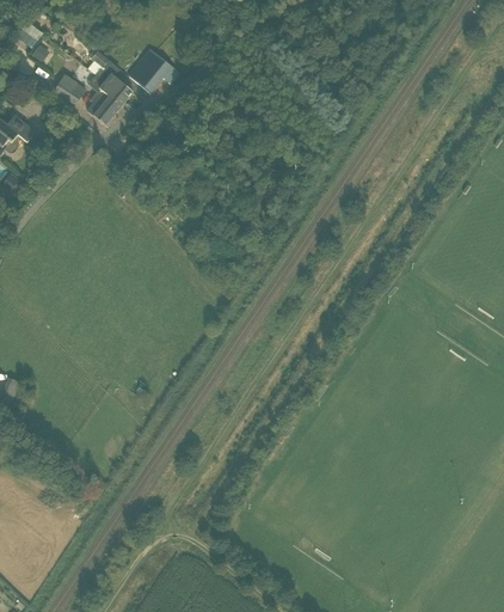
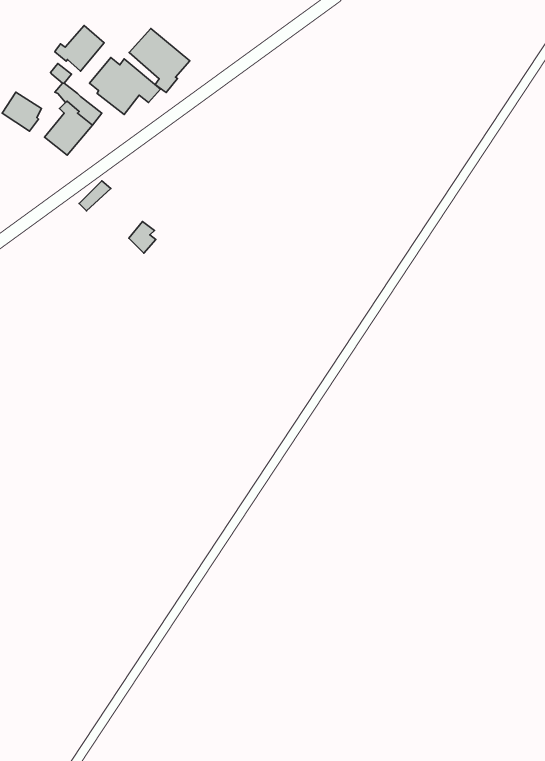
building: none -> [55,25,104,71]
building: none -> [129,28,190,93]

